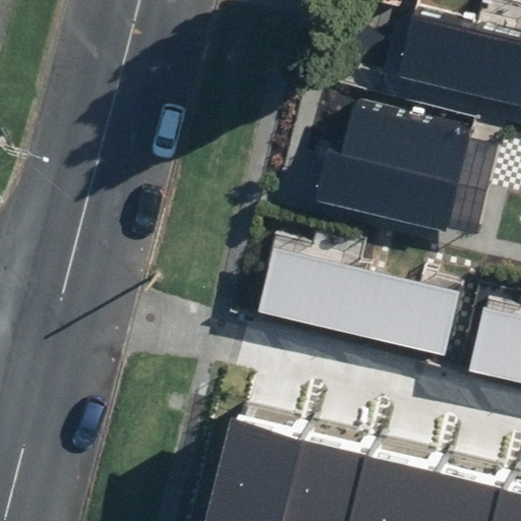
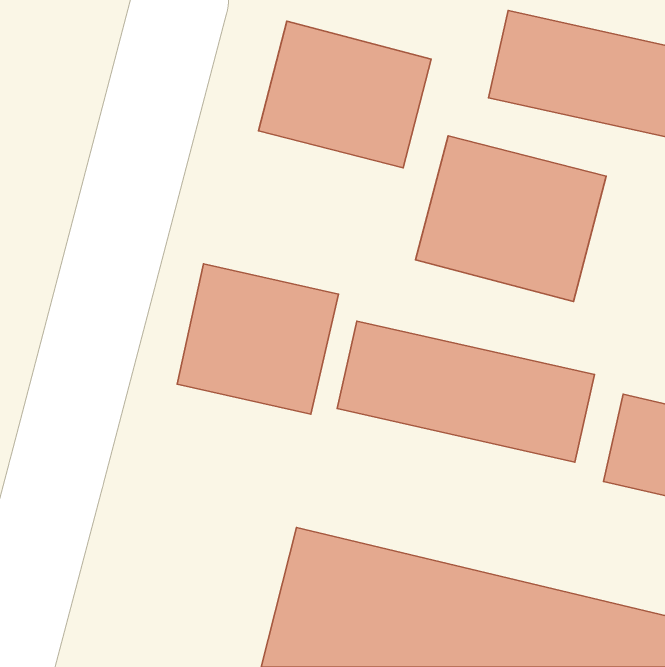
building: none -> [258,21,431,168]
building: none -> [177,264,338,414]

